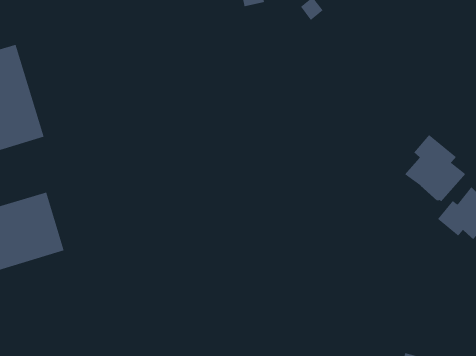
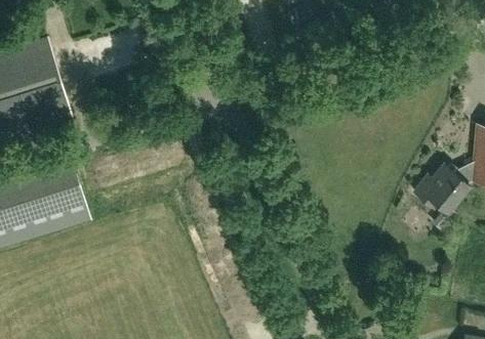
building: [404,134,466,202] -> none

